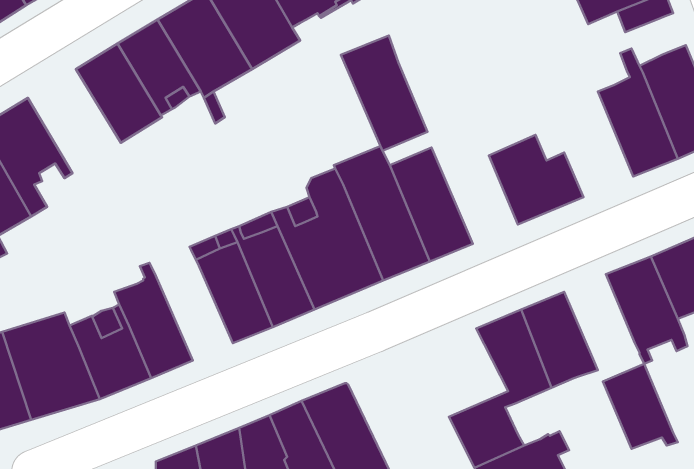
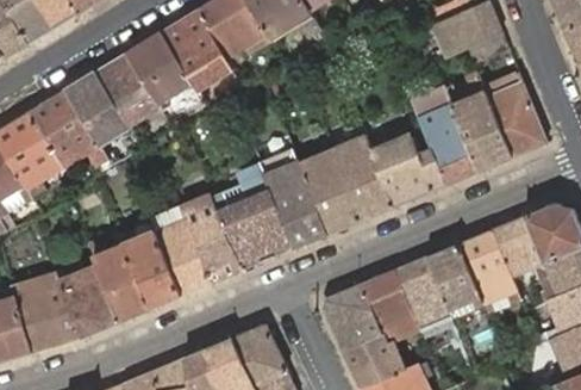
building: [341,36,427,151] -> [329,134,393,219]
building: none -> [407,88,479,185]
building: none -> [29,89,111,172]
building: none -> [120,233,181,307]
building: none -> [323,283,386,348]
building: [603,364,678,449] -> [427,242,483,305]

